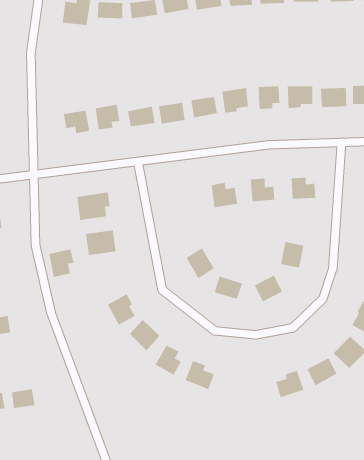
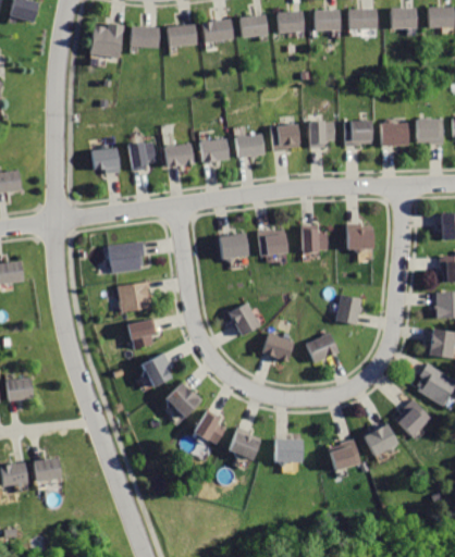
building: none -> [219,233,250,260]
building: [48,249,75,278] -> [128,318,158,350]
building: none -> [275,440,306,463]

